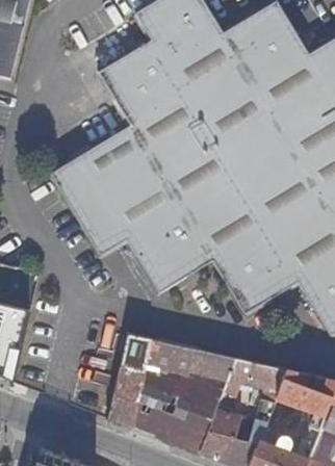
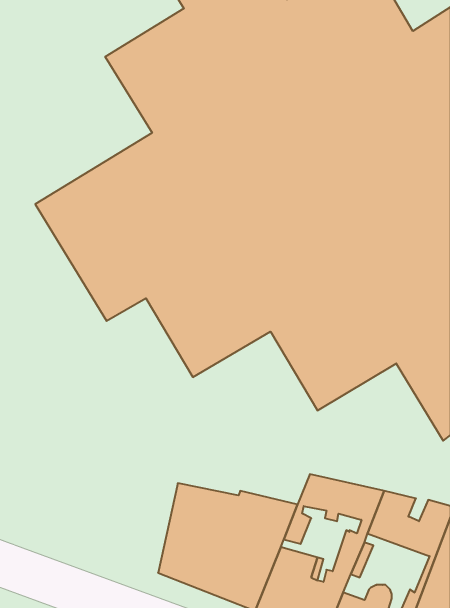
building: [108,334,237,426] -> none

